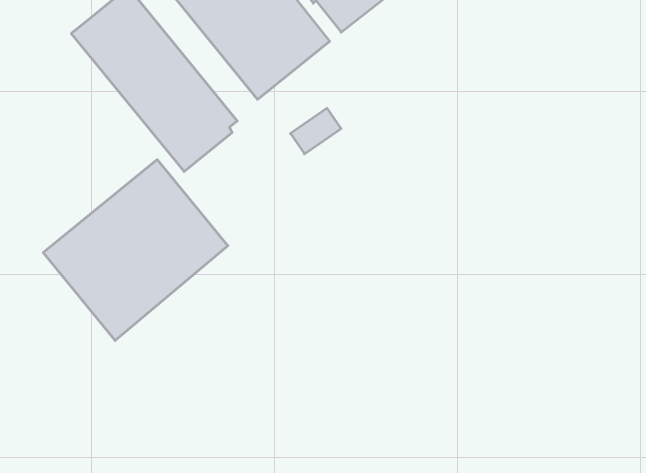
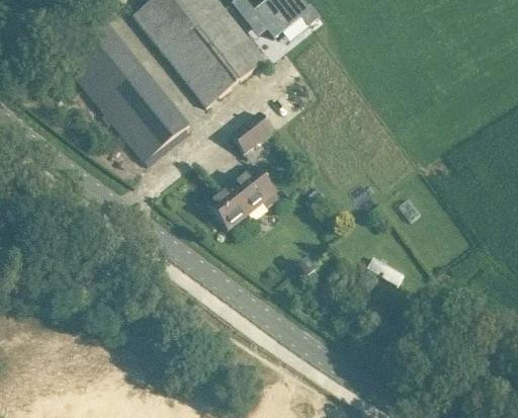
building: [43,160,228,341] -> none
building: none -> [205,165,278,230]

